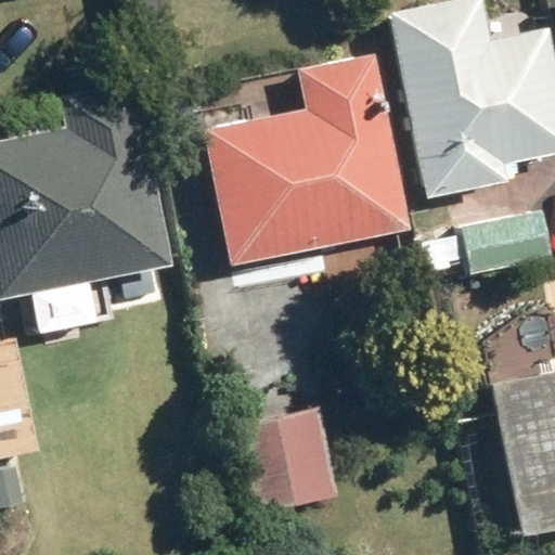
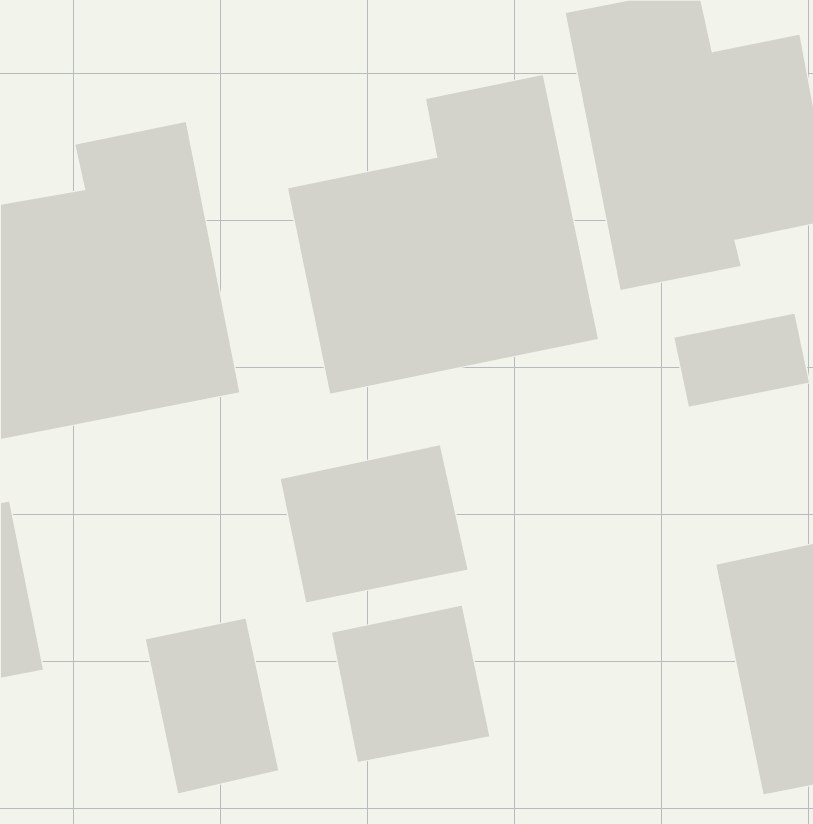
building: none -> [280,444,468,603]
building: none -> [145,618,279,794]

